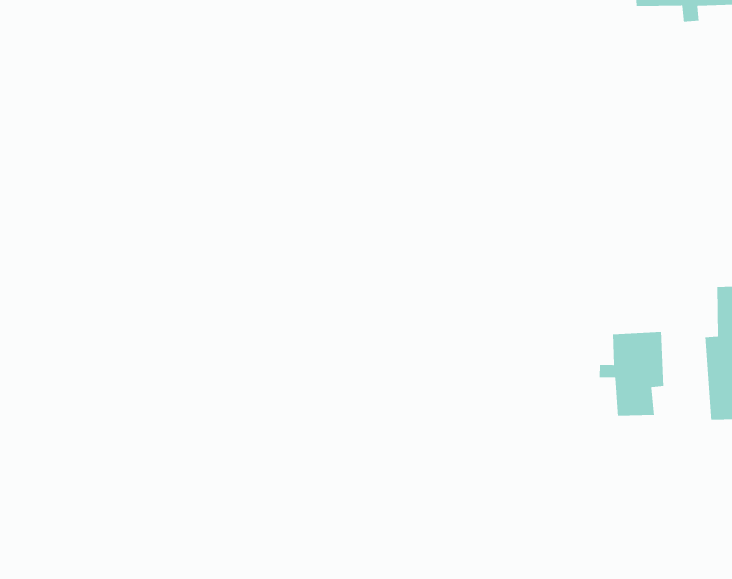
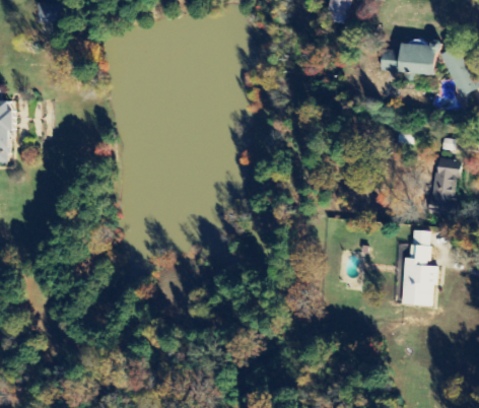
building: [599,331,664,416] -> none

